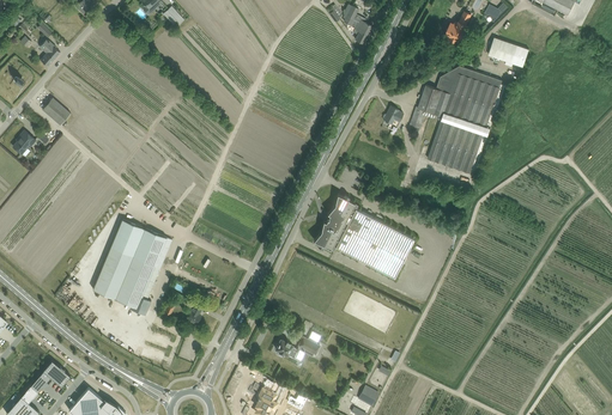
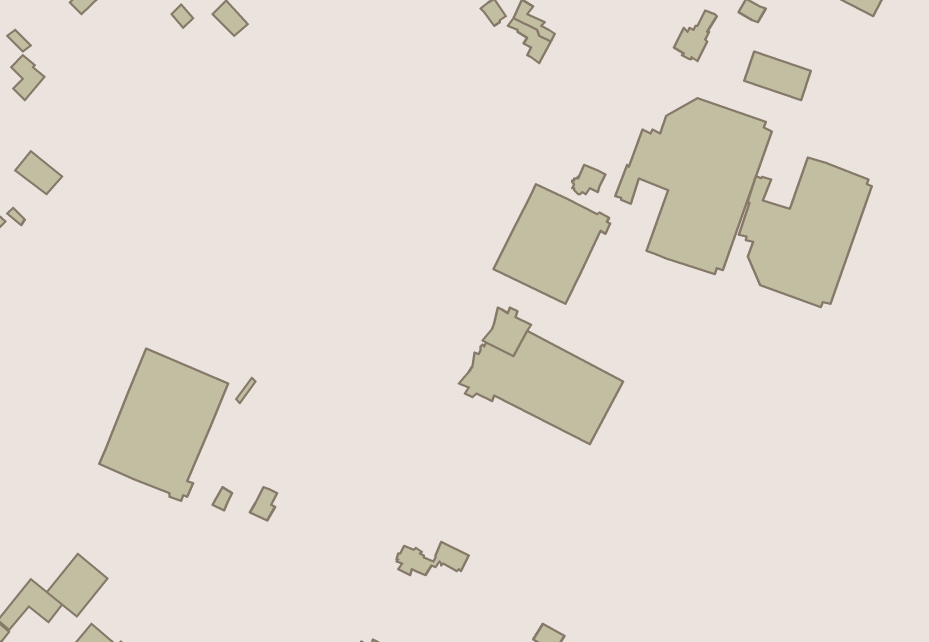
building: none -> [739,157,872,307]
building: none -> [494,184,610,304]
building: none -> [47,554,108,616]

